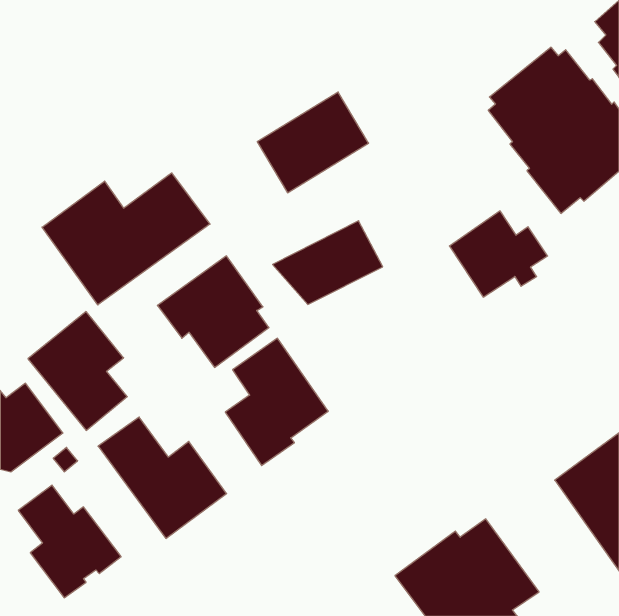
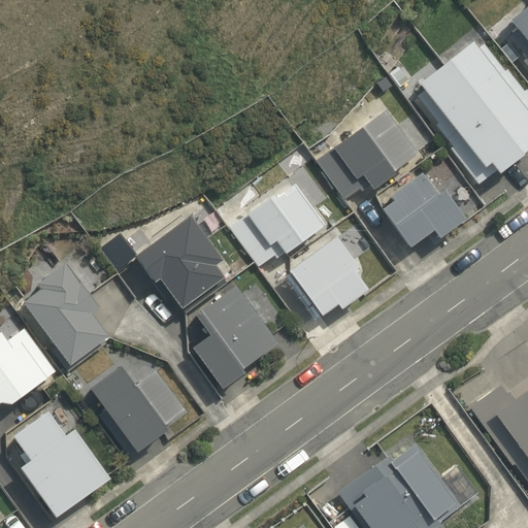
building: [257,92,369,193] -> [320,110,415,196]
building: [42,173,210,305] -> none
building: none -> [291,240,370,318]

